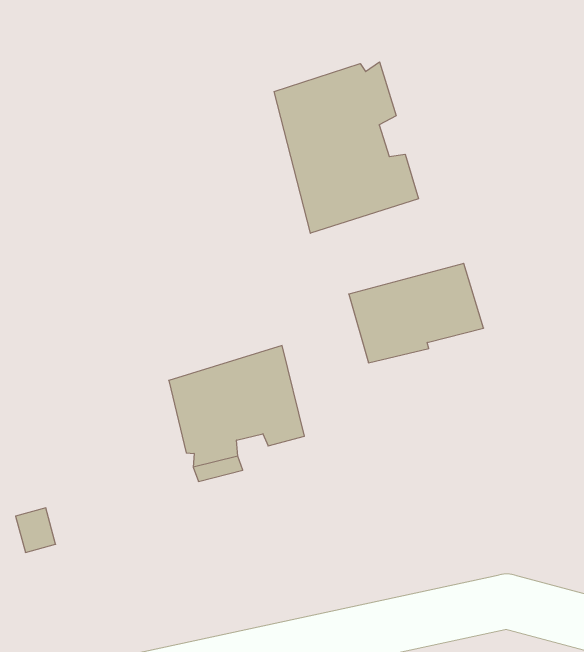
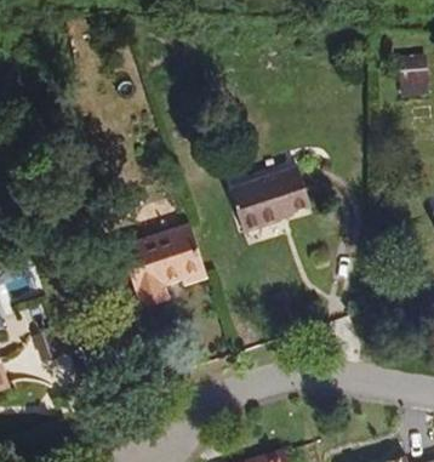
building: [274,62,418,233] -> none

